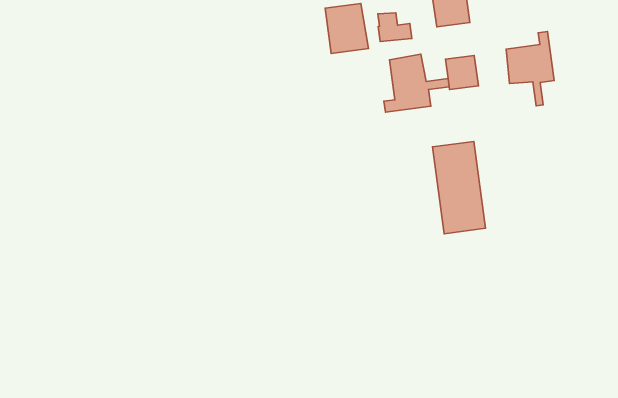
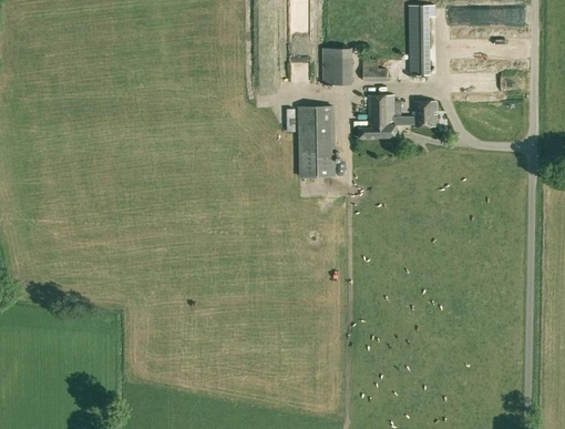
building: [506,31,554,106] -> none
building: [433,141,485,234] -> [300,104,333,174]

